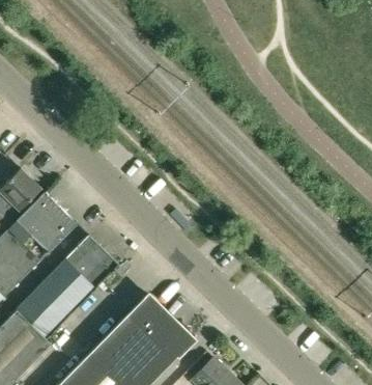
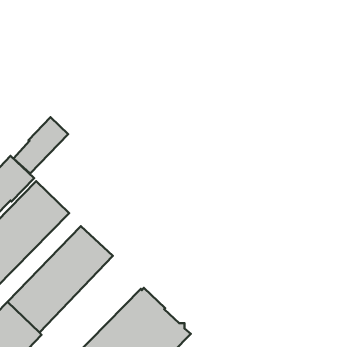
building: none -> [13,117,68,174]

